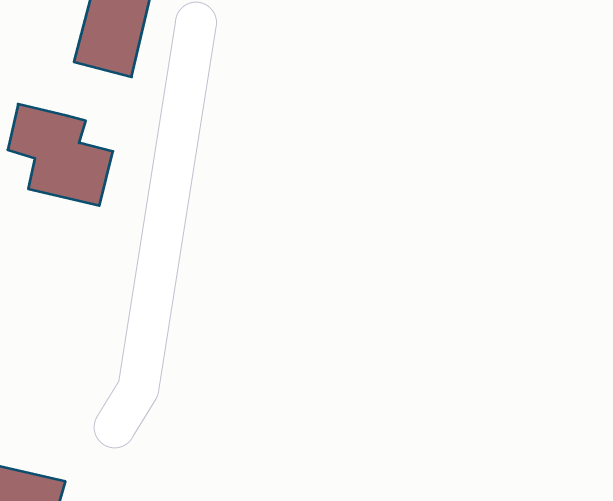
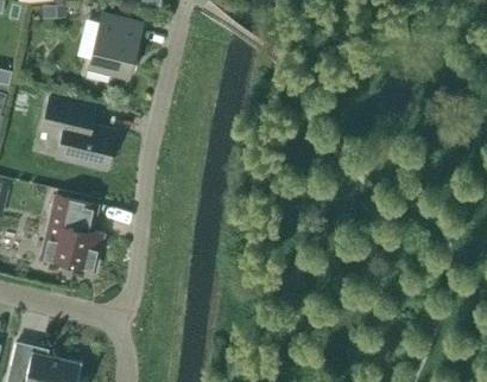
building: none -> [43,195,101,267]

